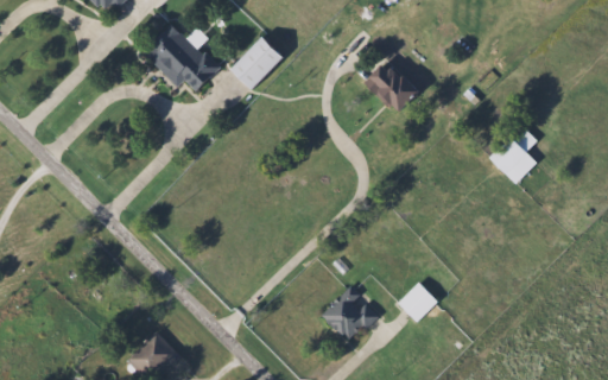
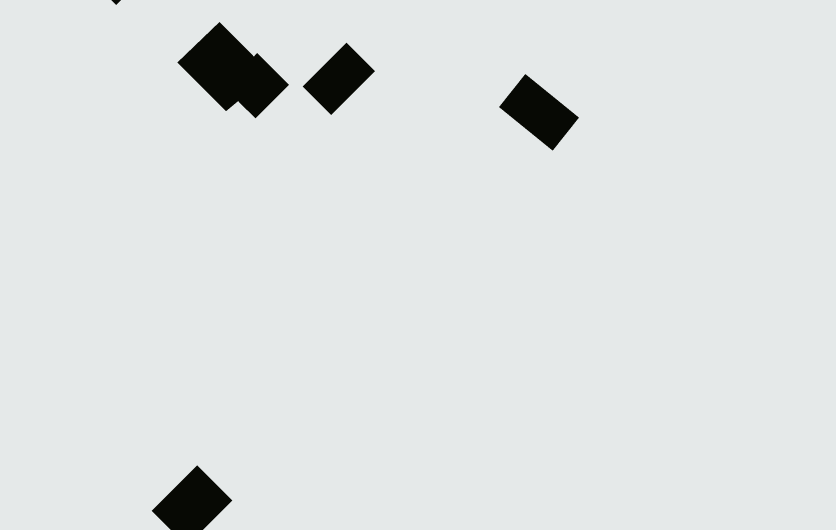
building: [489,129,538,184] -> none
building: [398,283,438,323] -> none
building: [322,286,380,344] -> none

